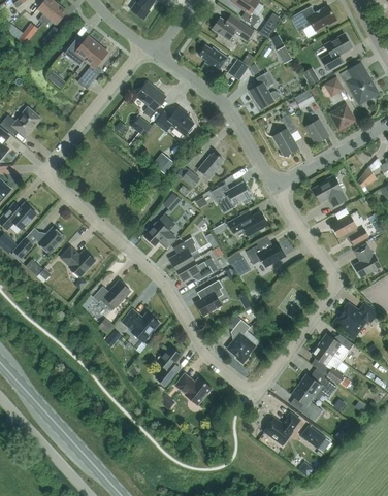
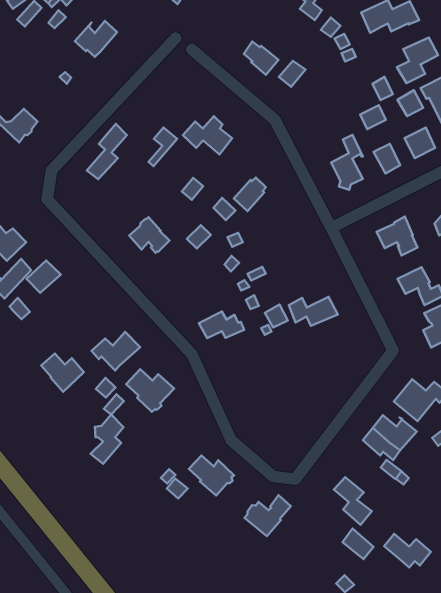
building: [213,14,253,40] -> none
building: [77,43,107,88] -> [87,124,127,179]
building: [250,71,279,108] -> none
building: [136,80,166,114] -> none
building: [212,181,252,204] -> none
building: [228,210,268,235] -> none
building: [144,220,176,247] -> [129,217,169,253]
building: [169,237,197,269] -> none
building: [61,246,95,276] -> [41,353,84,392]
building: [195,279,223,316] -> none
building: [227,319,255,363] -> none
building: [156,345,181,385] -> [91,415,124,464]
building: [299,373,336,399] -> [384,534,431,567]
building: [264,411,300,444] -> [245,495,291,536]

